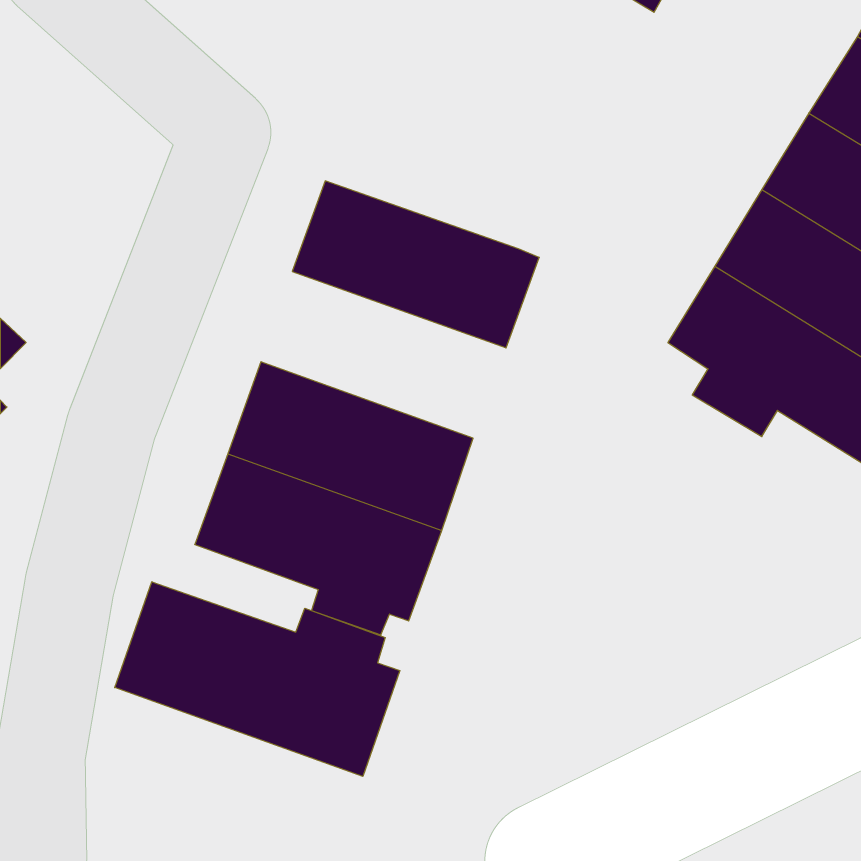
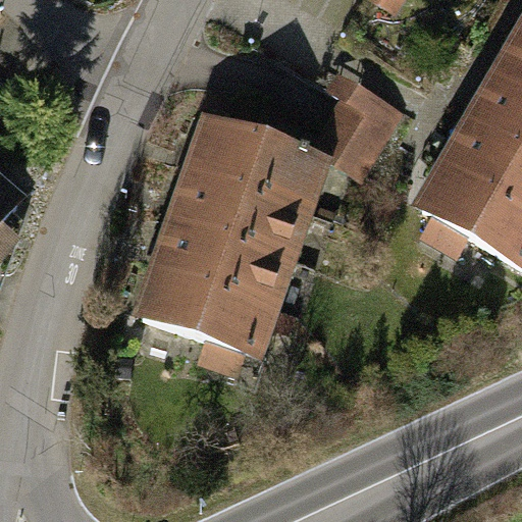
building: none -> [320,68,411,175]
building: none -> [169,159,313,257]
building: [115,582,400,776] -> none

